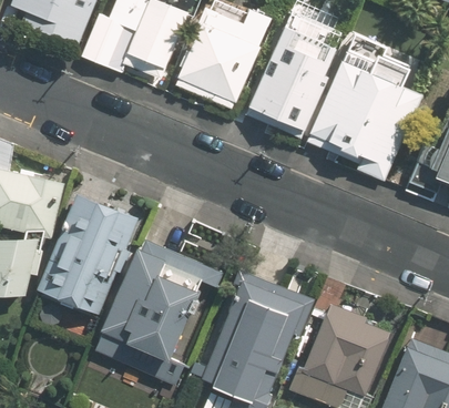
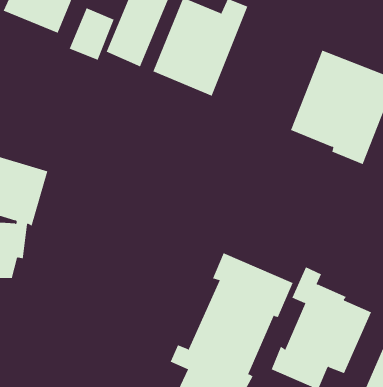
building: [249,31,340,137] -> none
building: [39,192,140,314] -> none
building: [96,238,208,386] -> none

